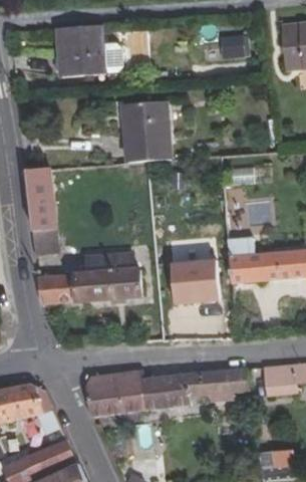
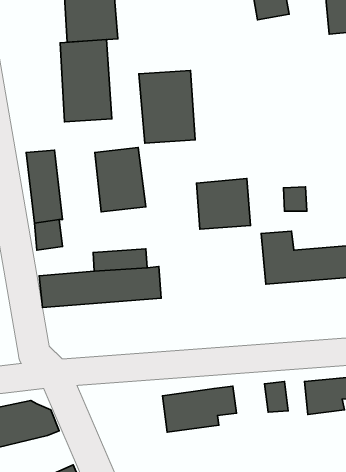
building: none -> [60,40,112,122]
building: none -> [95,147,146,212]
building: [172,259,218,302] -> [196,179,250,229]
building: [203,370,233,401] -> none
building: [85,371,146,418] -> none

